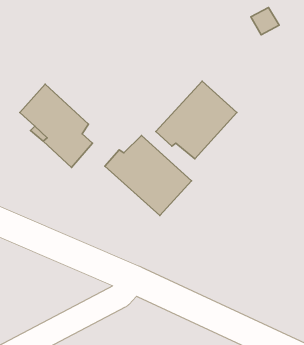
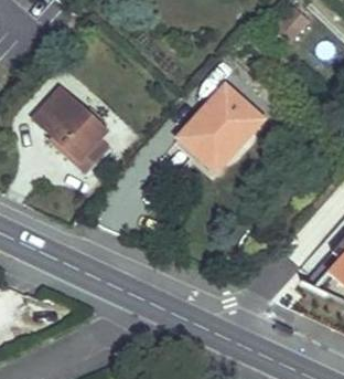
building: [105,136,191,216] -> none

